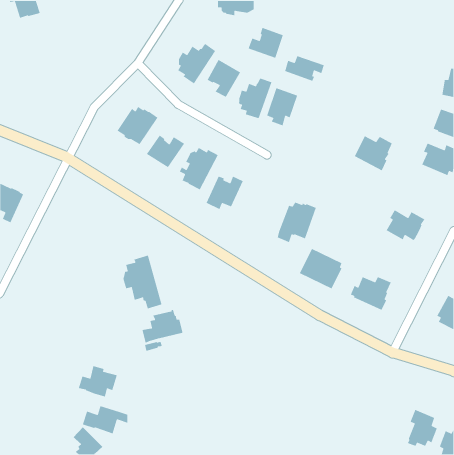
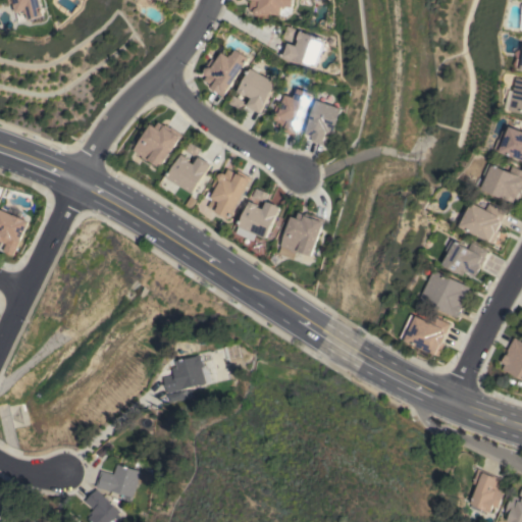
building: [284,55,325,82] -> none
building: [354,135,393,172] -> [460,202,505,244]
building: [277,201,317,243] -> [277,212,323,260]
building: [299,248,343,290] -> [418,269,468,317]
building: [123,254,162,310] -> none
building: [78,365,118,397] -> none

